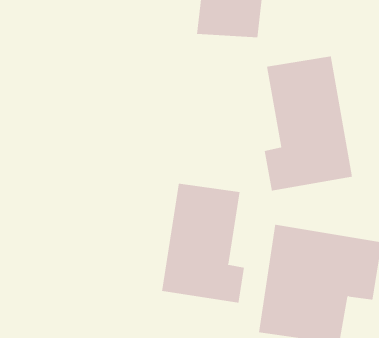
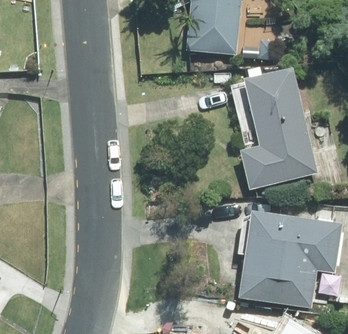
building: [162,183,244,304] -> none

